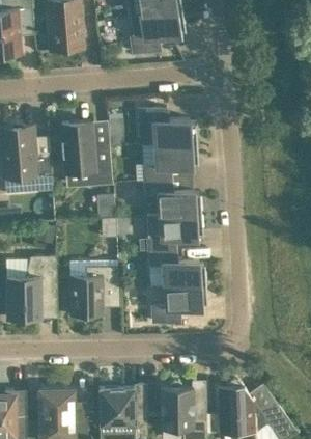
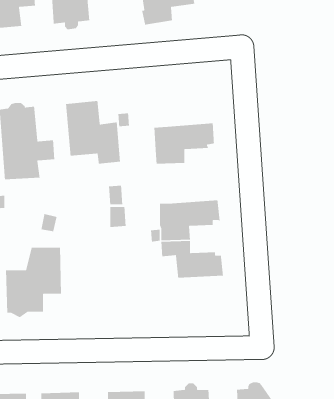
building: [139,108,197,146] -> none
building: [144,180,201,216] -> none
building: [69,267,119,317] -> none
building: [152,283,207,323] -> none

